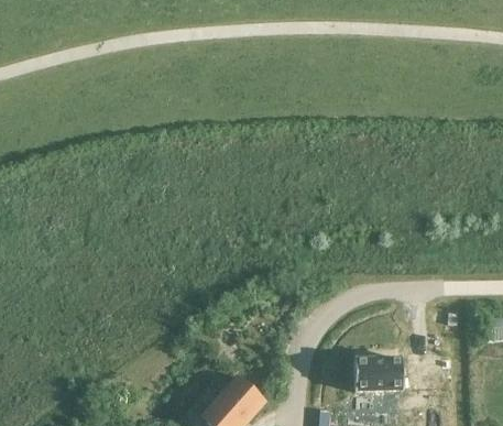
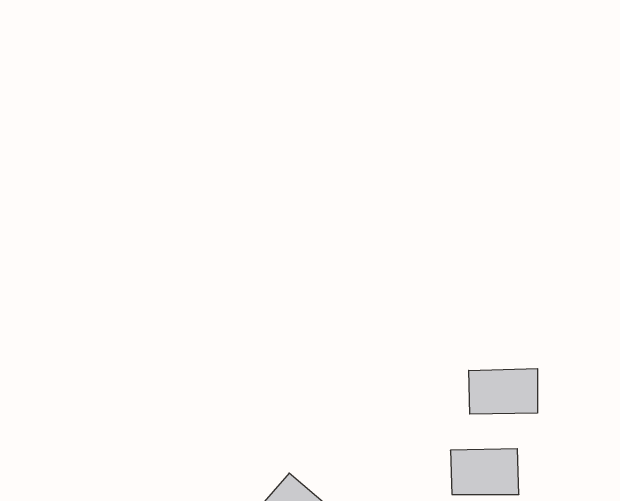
building: none -> [469,369,537,414]

